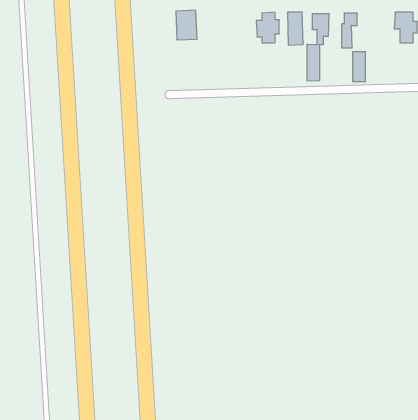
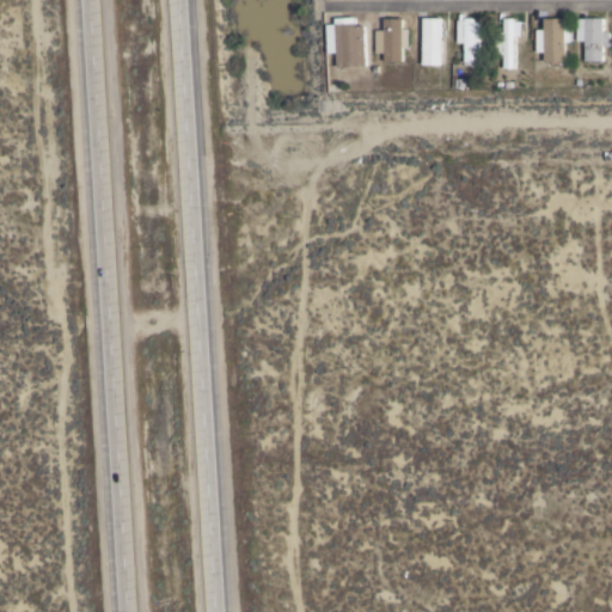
building: [176,10,197,40] -> [336,24,367,67]
building: [307,44,320,81] -> none
building: [352,52,366,81] -> [545,19,564,62]

